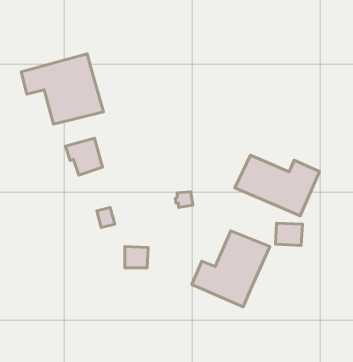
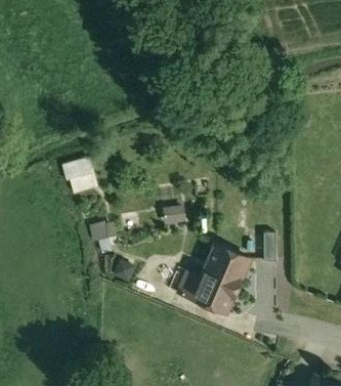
building: [21,54,104,124] -> none
building: [235,155,319,216] -> none

